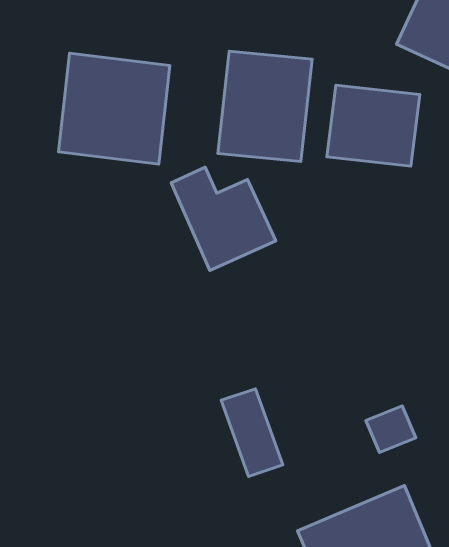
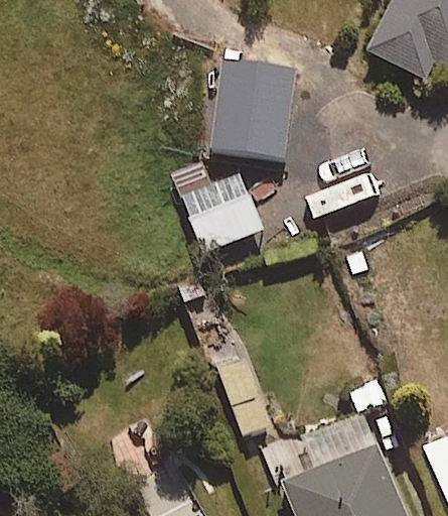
building: [59,53,170,164] -> none
building: [327,85,420,166] -> none

